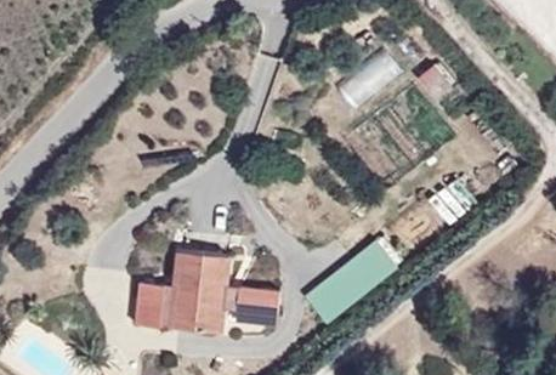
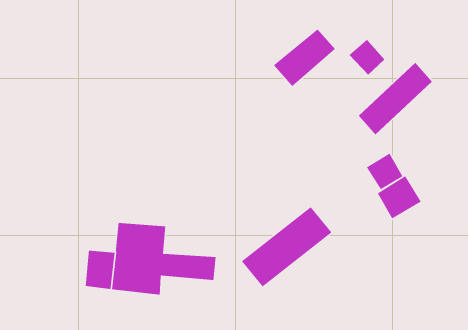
building: none -> [358,62,433,135]
building: none -> [377,175,422,219]

